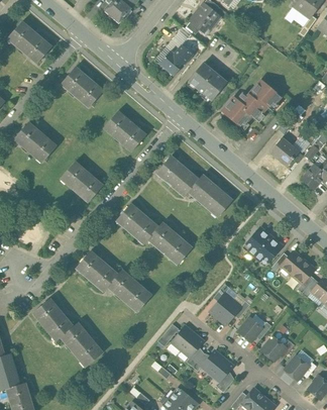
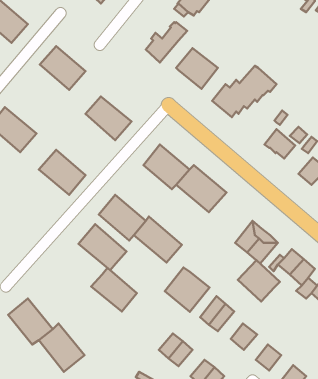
building: [74,248,118,291] -> [79,224,127,270]
building: none -> [238,260,280,301]
building: none -> [165,268,209,312]

